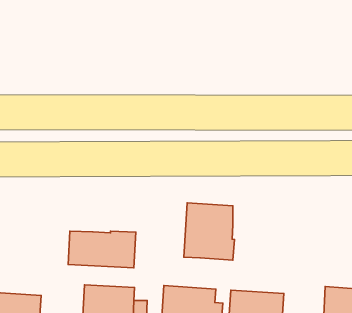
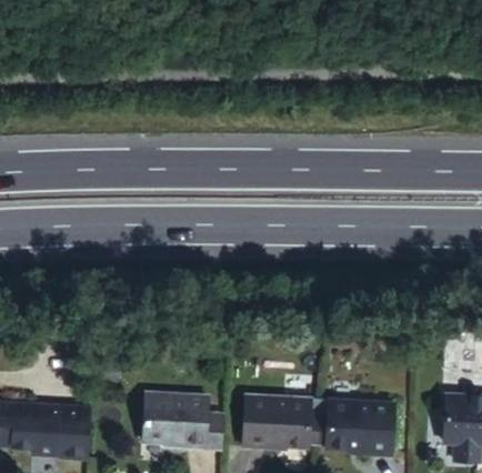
building: [184,203,234,260] -> none
building: [68,231,136,268] -> none

